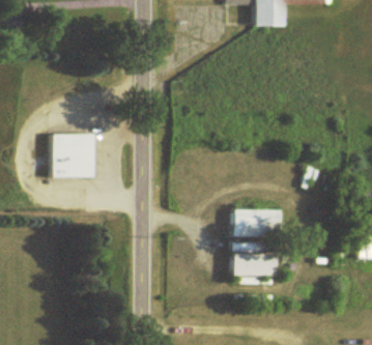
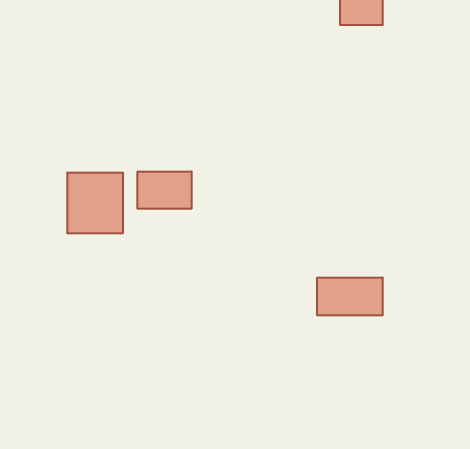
building: none -> [138,171,192,209]
building: [231,242,276,277] -> none

